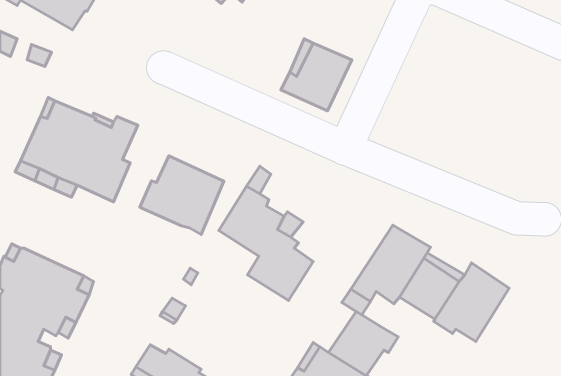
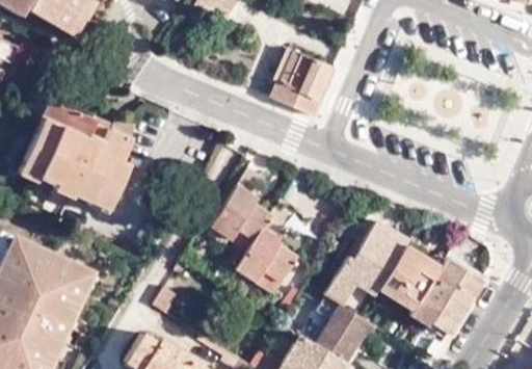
building: [140,156,224,234] -> none

